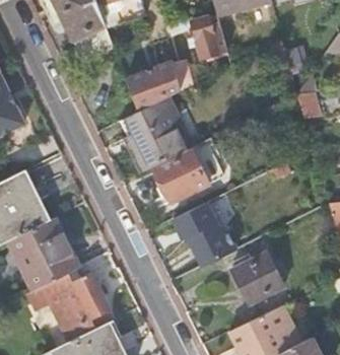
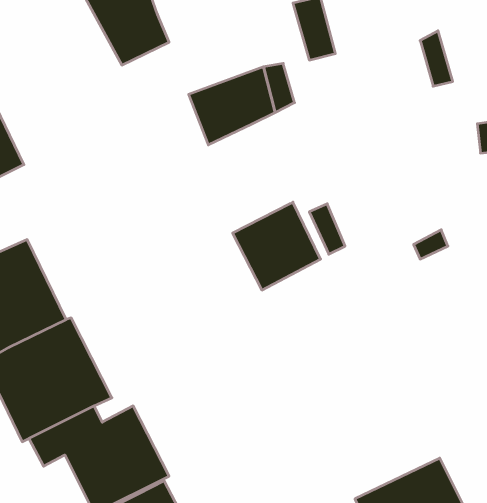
building: [119,97,189,170] -> none
building: [173,203,236,267] -> none
building: [230,252,283,304] -> none

